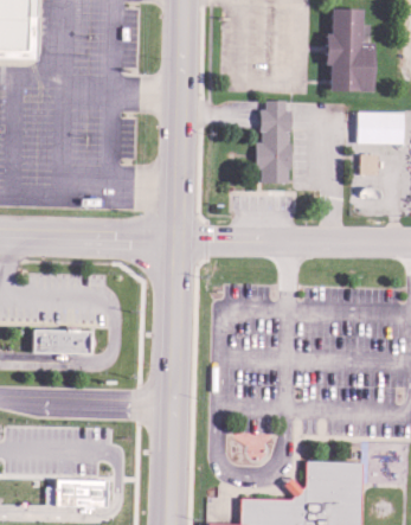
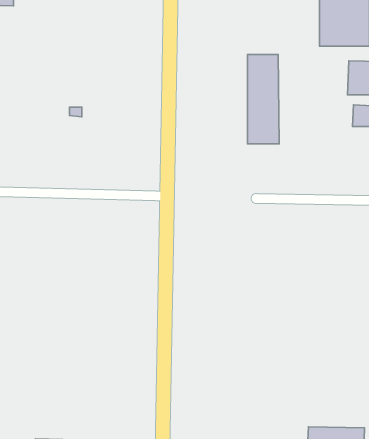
building: [31,329,92,353] -> none

